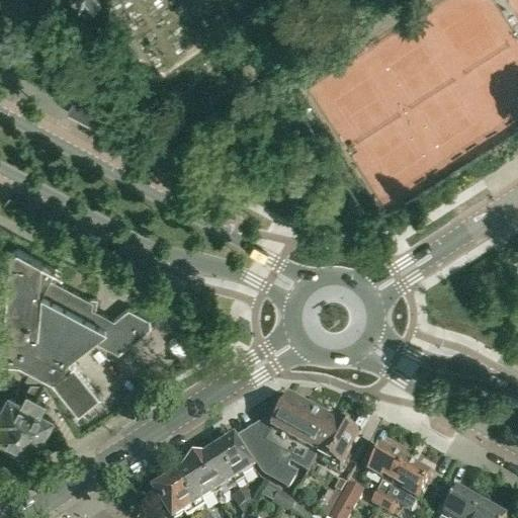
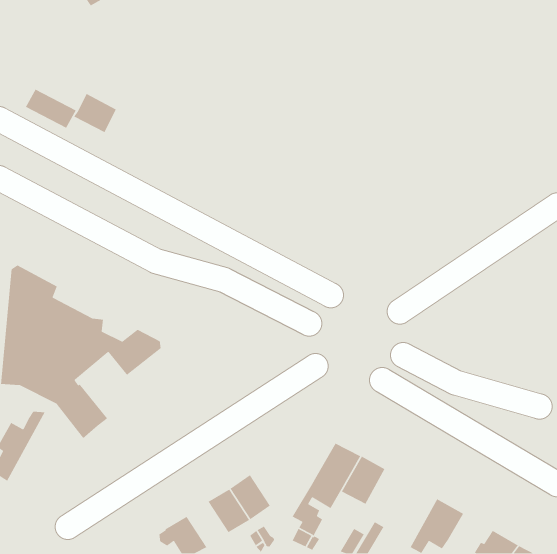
building: none -> [25,88,77,129]
building: [7,381,53,452] -> none
building: [239,396,311,479] -> none
building: [366,447,405,507] -> none
building: [173,464,211,507] -> none

